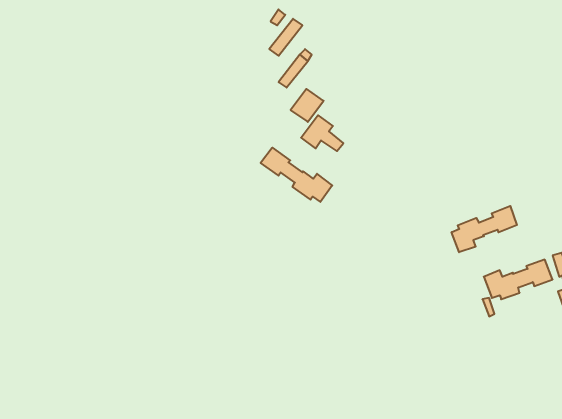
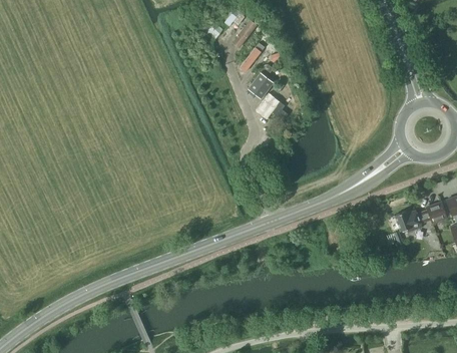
building: [261,148,332,202] -> none
building: [452,206,517,252] -> none

